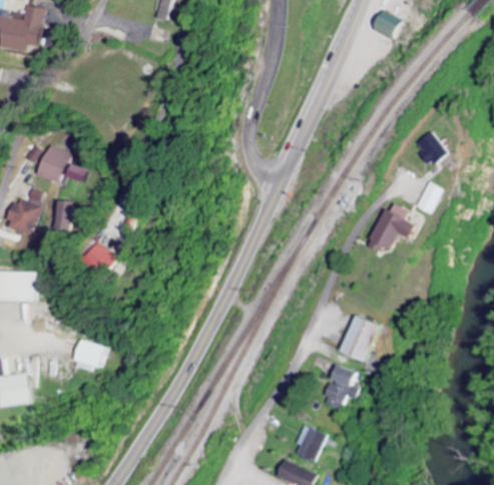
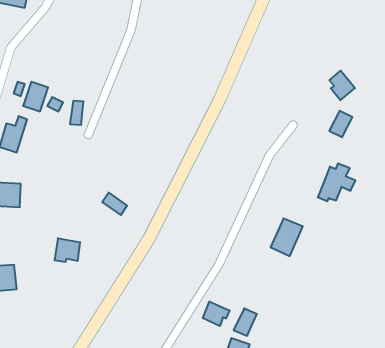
building: [52,200,69,230] -> [70,101,84,125]
building: [370,204,417,252] -> [318,164,355,201]
building: [90,242,121,271] -> [102,193,127,215]
building: [323,365,359,411] -> none
building: none -> [203,301,230,326]

